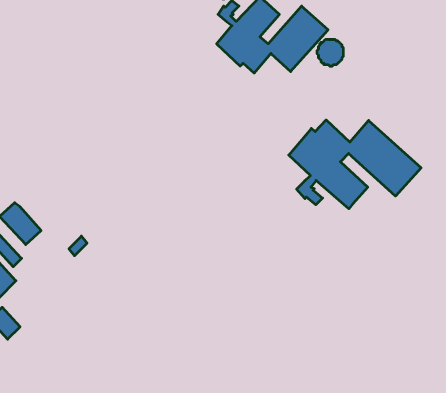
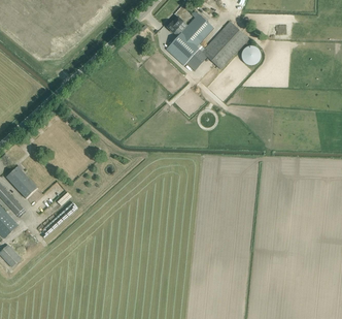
building: [289,120,421,209] -> none

